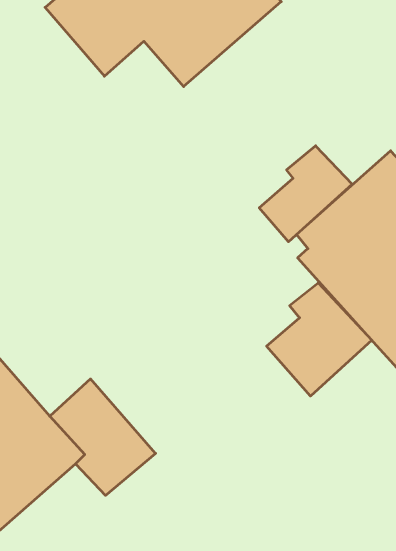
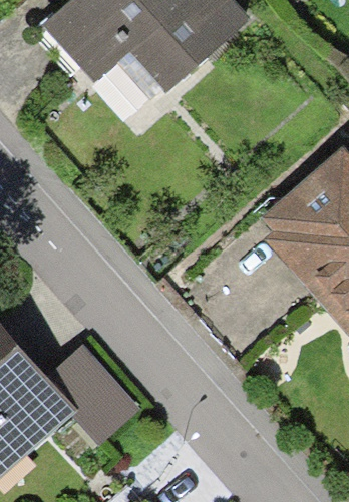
building: [259,146,352,242] -> none
building: [267,283,372,396] -> none

